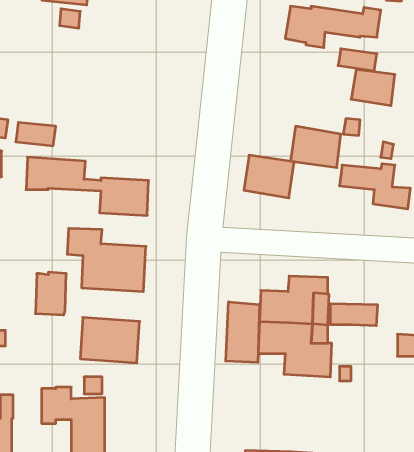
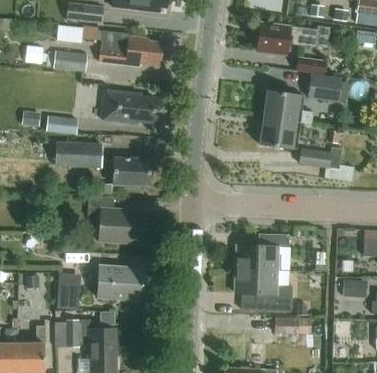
building: none -> [98,31,162,65]
building: none -> [54,50,88,70]
building: none -> [101,90,155,123]
building: [244,155,294,198] -> [264,90,303,123]
building: [35,272,66,315] -> [57,276,81,309]
building: [226,302,259,362] -> none
building: [330,304,378,326] -> [274,316,311,333]

